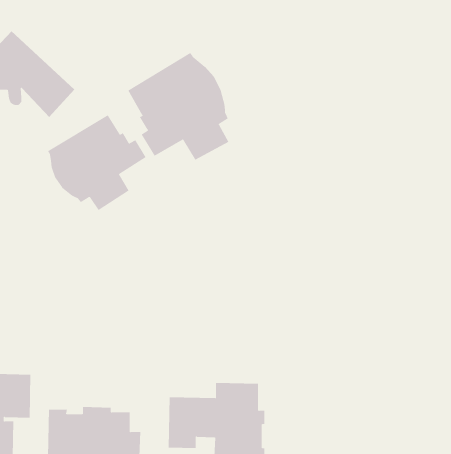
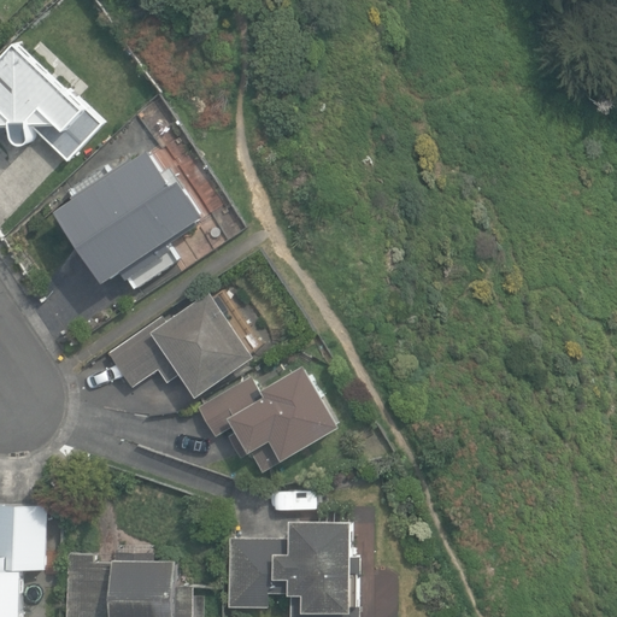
building: [127,52,229,160] -> none
building: none -> [107,292,254,396]
building: none -> [196,365,340,472]

